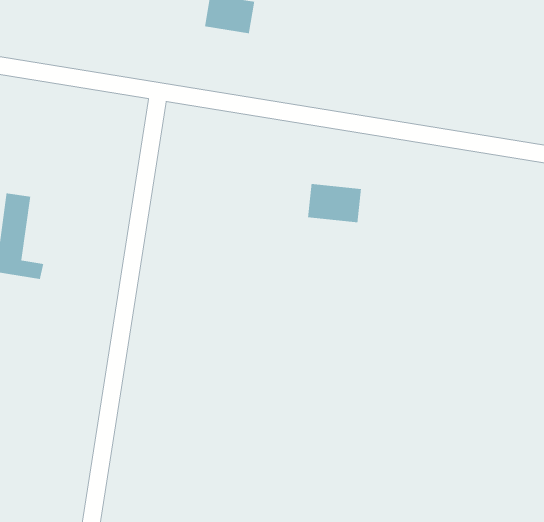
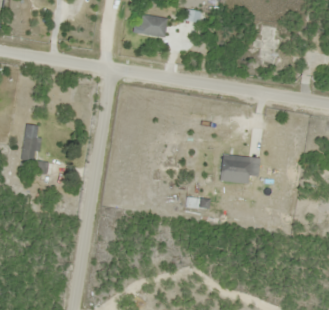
building: [307,183,362,223] -> [219,154,249,176]

